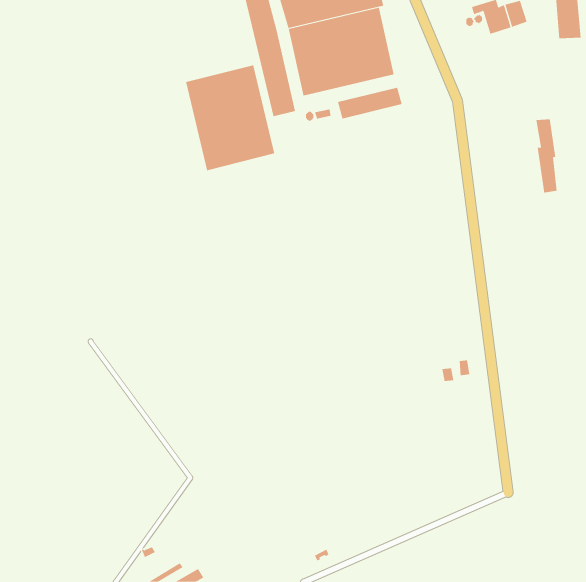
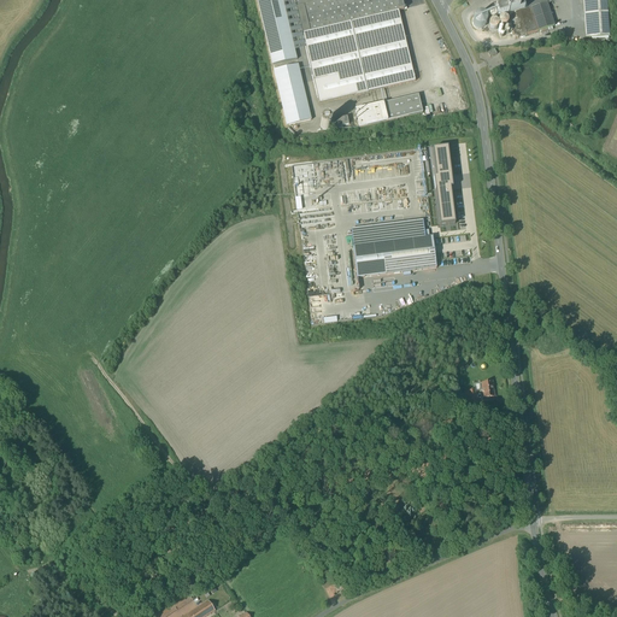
building: [186,64,275,171] -> none
building: [536,119,557,193] -> [431,145,454,223]
building: none -> [349,217,436,274]

